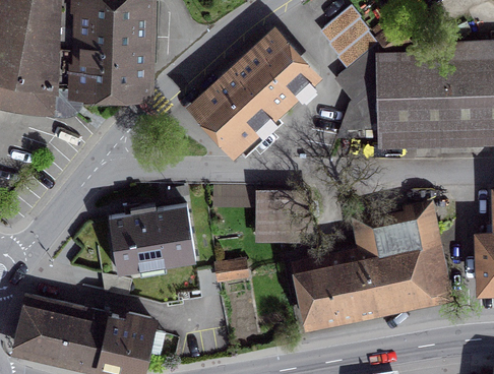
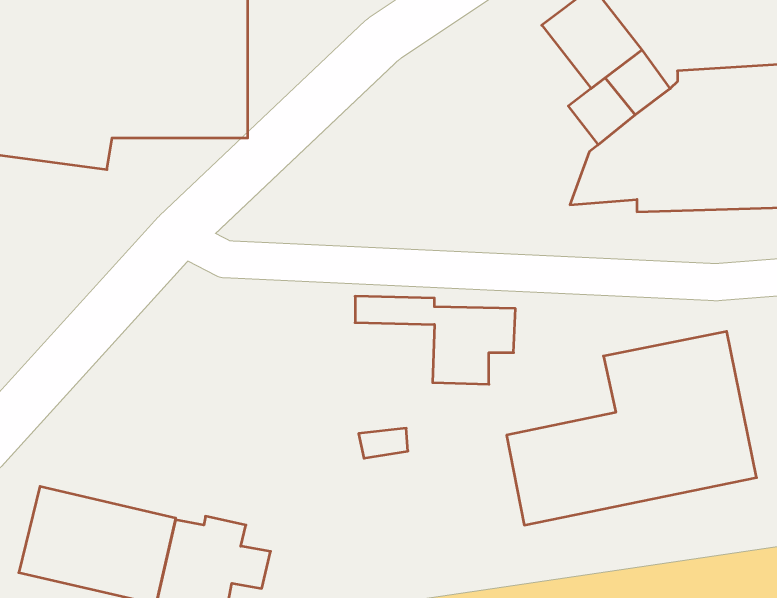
building: [189,32,321,159] -> none
building: [108,206,195,274] -> none

